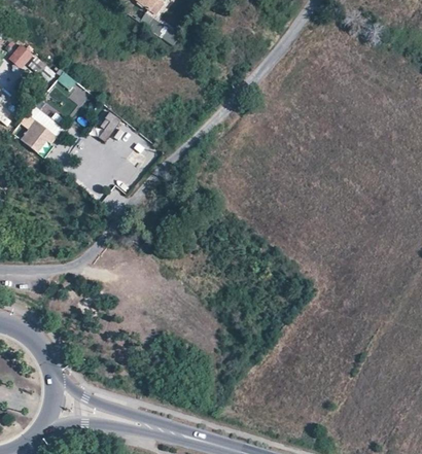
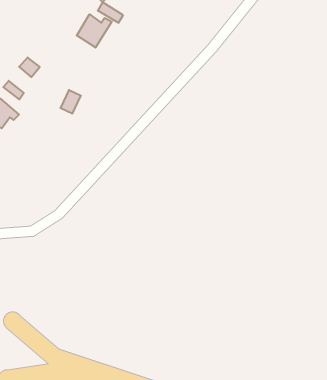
building: none -> [77,14,112,48]

